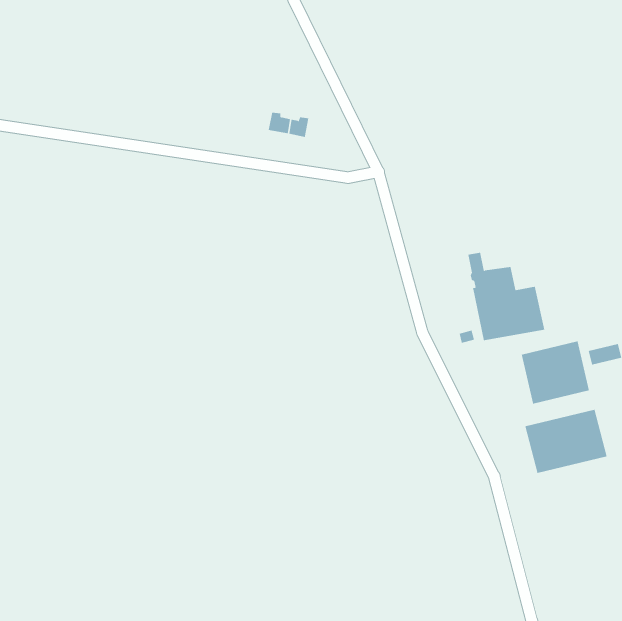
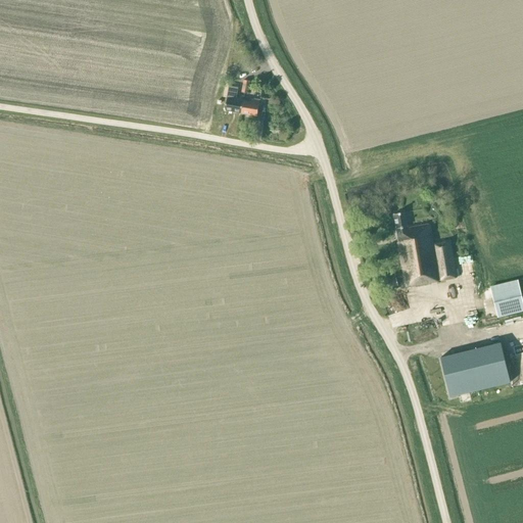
building: [521,341,589,404] -> none

